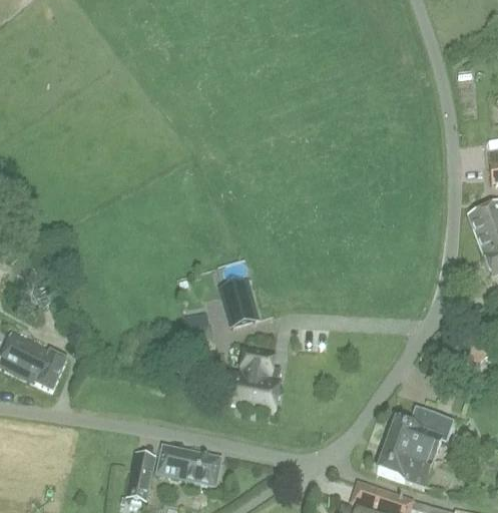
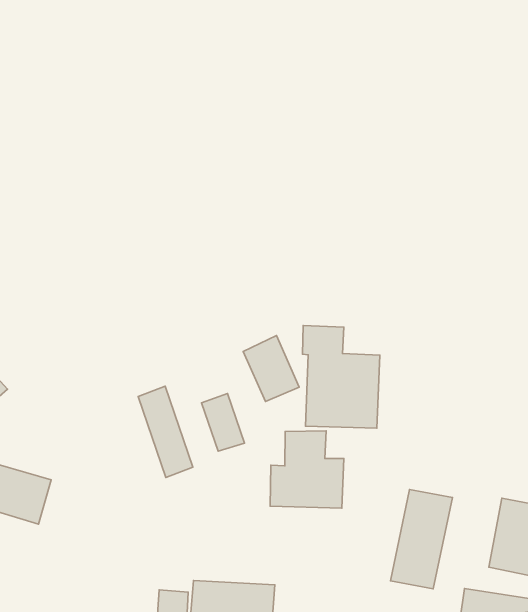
building: none -> [302,326,380,428]
building: none -> [138,386,193,477]
building: none -> [390,490,452,589]

